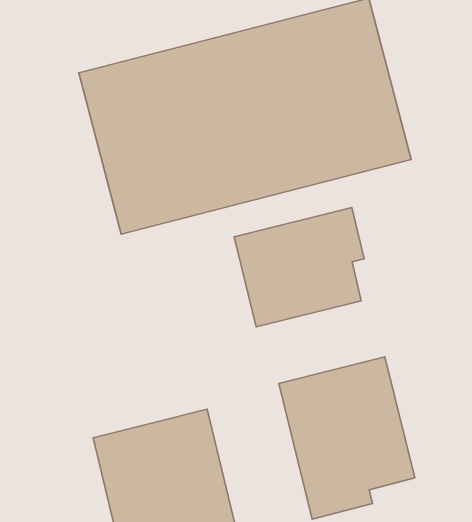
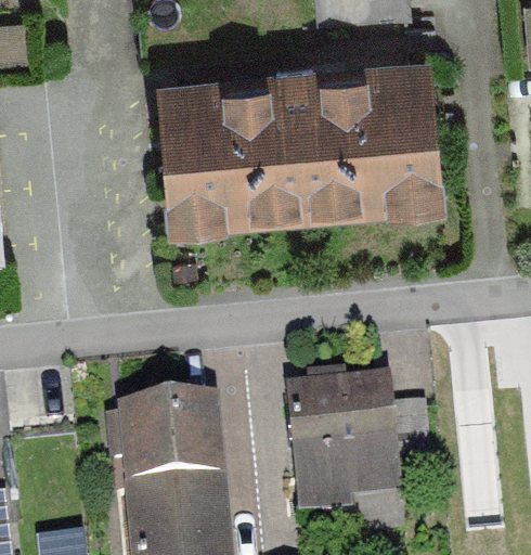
building: [234,208,364,327] -> none

